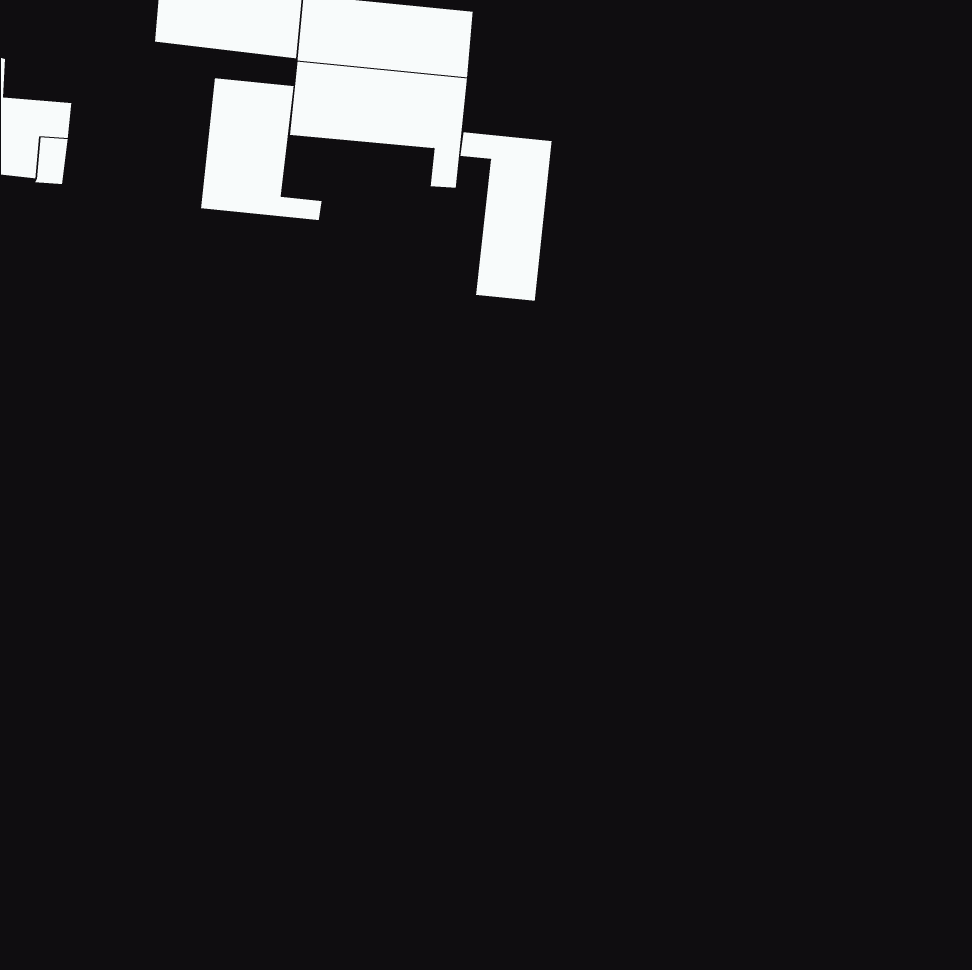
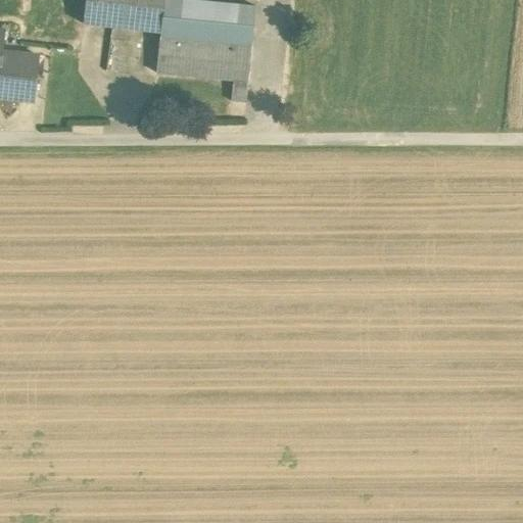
building: [201,77,322,221] -> none
building: [460,131,552,302] -> none

